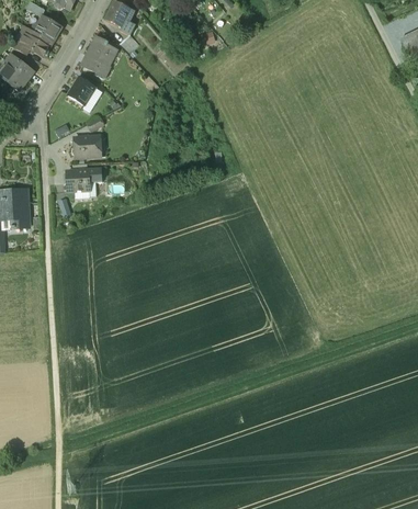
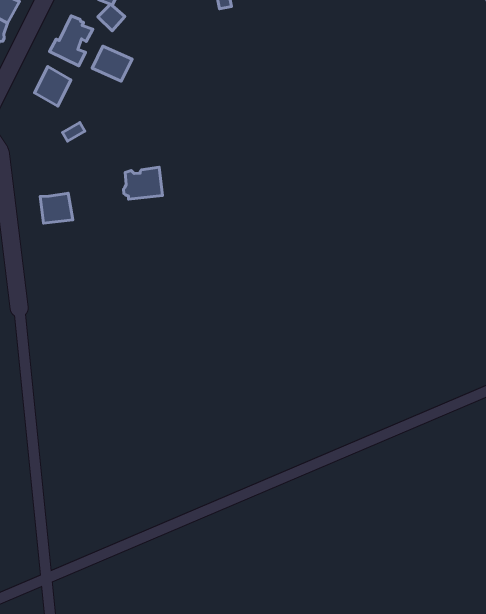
building: none -> [92,46,132,81]
building: [72,136,101,158] -> [123,167,163,199]

